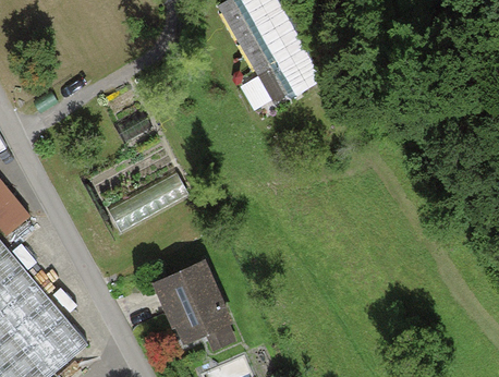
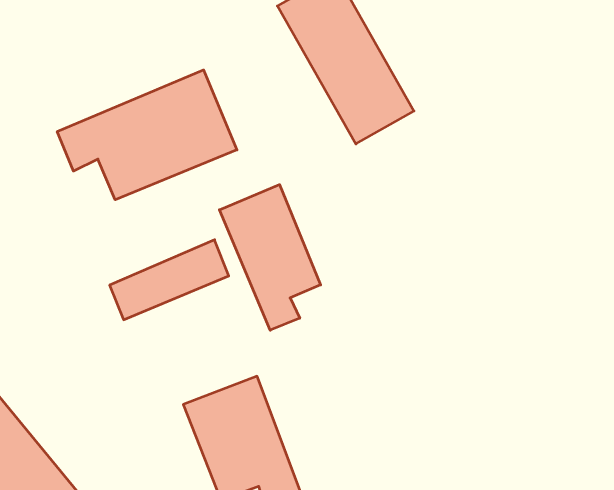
building: none -> [57,70,237,200]
building: none -> [219,185,321,330]

